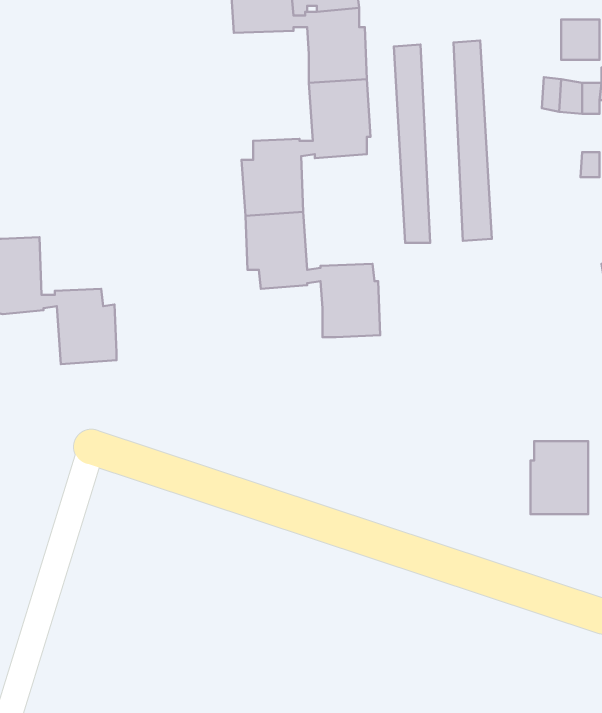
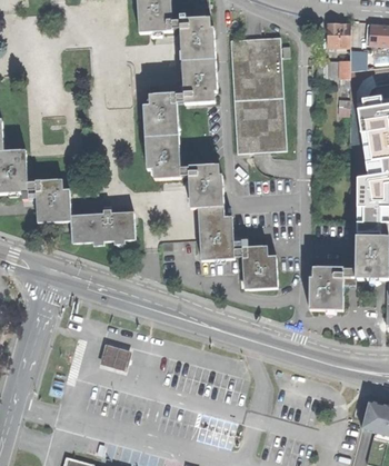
building: none -> [246,37,270,152]
building: none -> [197,206,277,289]
building: none -> [70,211,134,242]
building: none -> [100,341,133,369]

